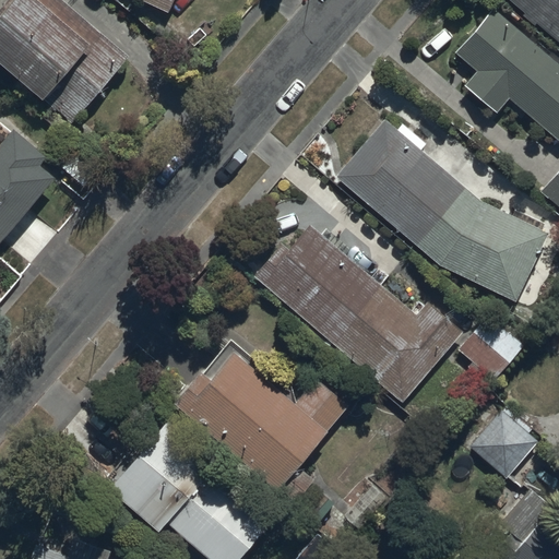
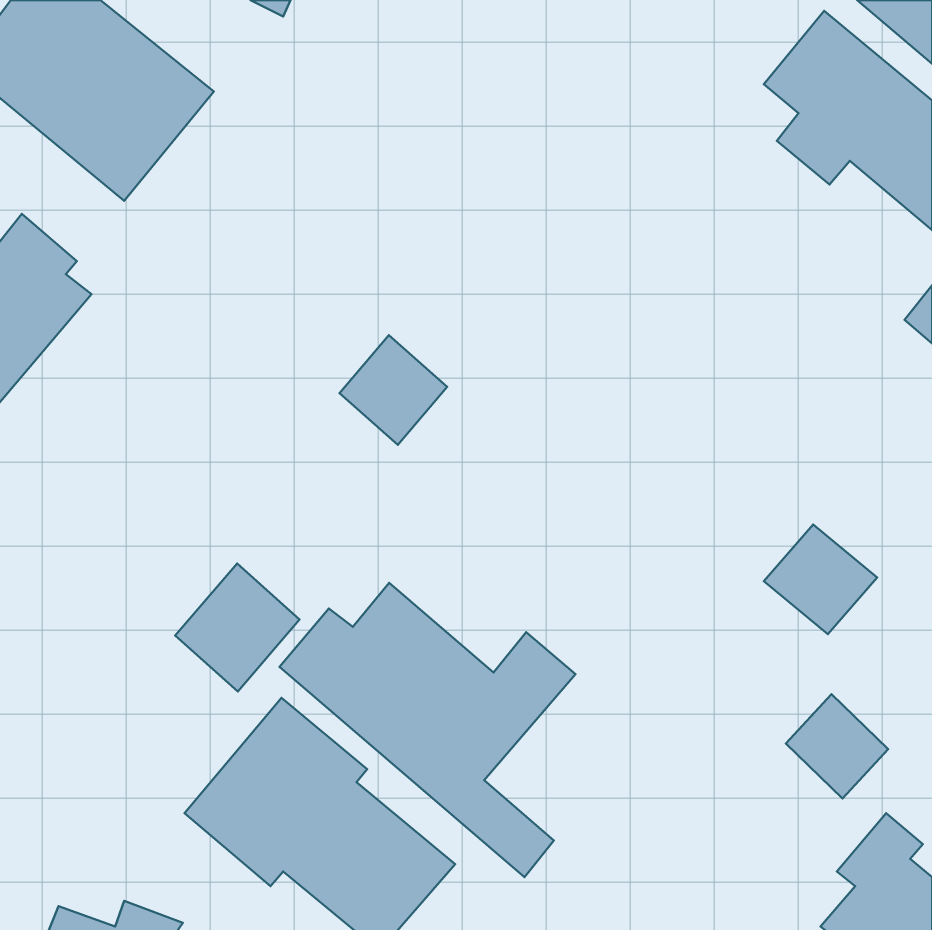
building: [337,120,548,302] -> none
building: none -> [339,335,447,445]
building: [253,227,462,403] -> none
building: none -> [175,564,300,692]

